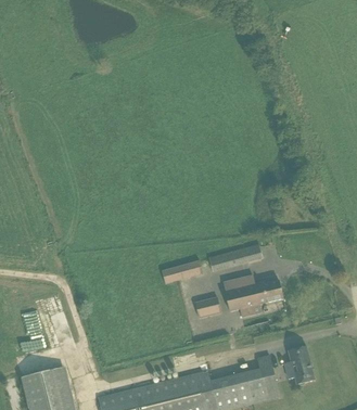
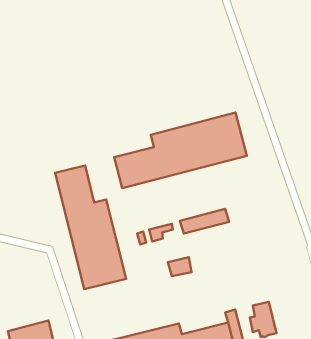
building: none -> [114,112,247,188]
building: none -> [55,165,126,289]
building: [224,276,283,318] -> none

